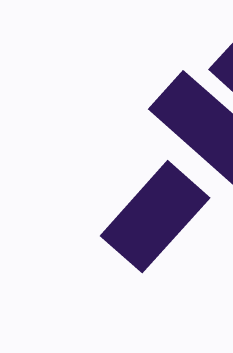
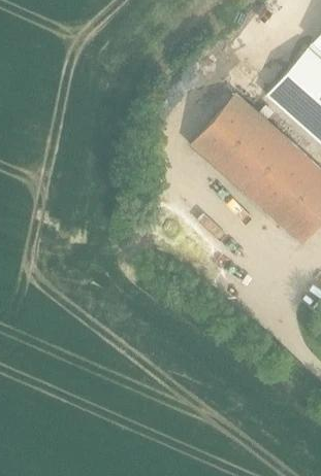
building: [99,159,211,274] -> none

